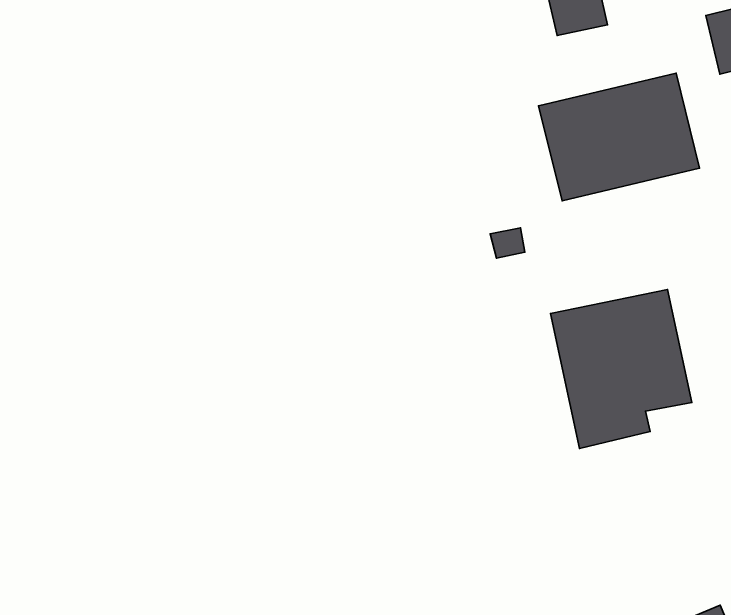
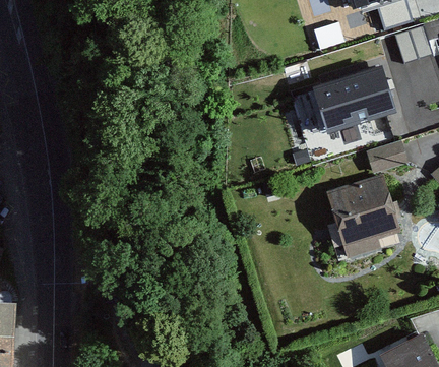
building: none -> [366,140,407,174]

